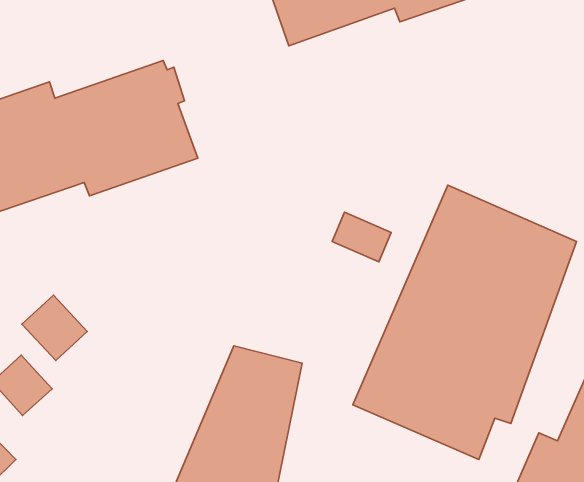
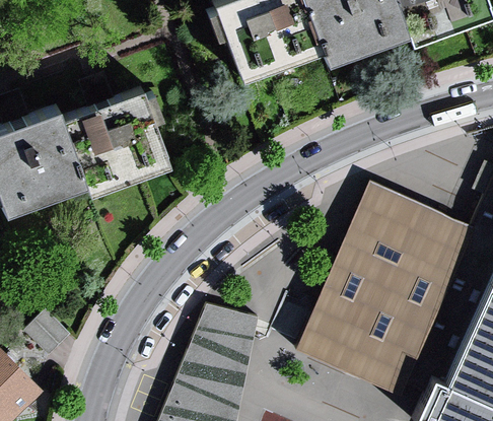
building: [332,212,391,262] -> none
building: [22,295,87,361] -> none

